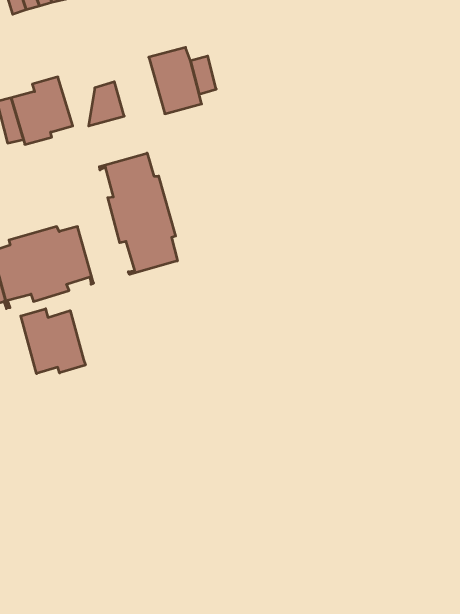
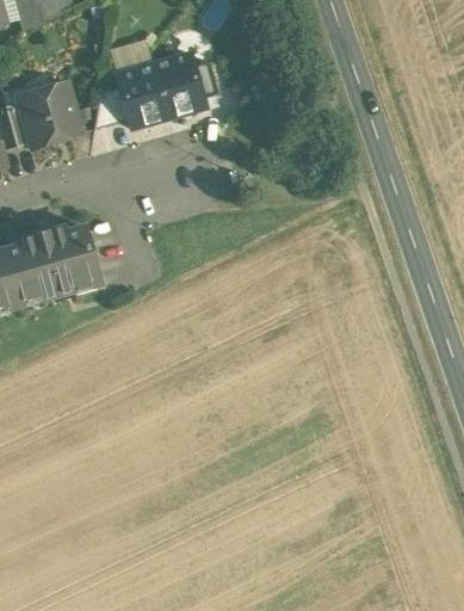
building: none -> [117,62,169,128]
building: [99,153,177,274] -> none
building: [21,309,85,374] -> none

